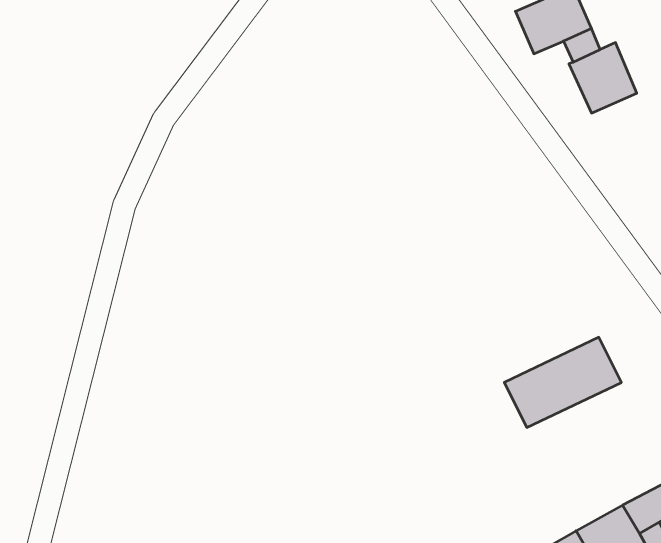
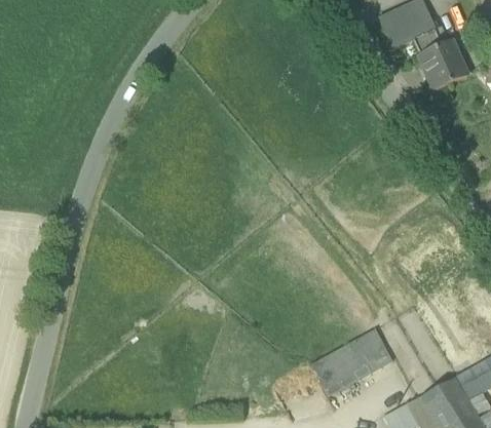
building: [504,337,621,427] -> [307,327,392,393]

